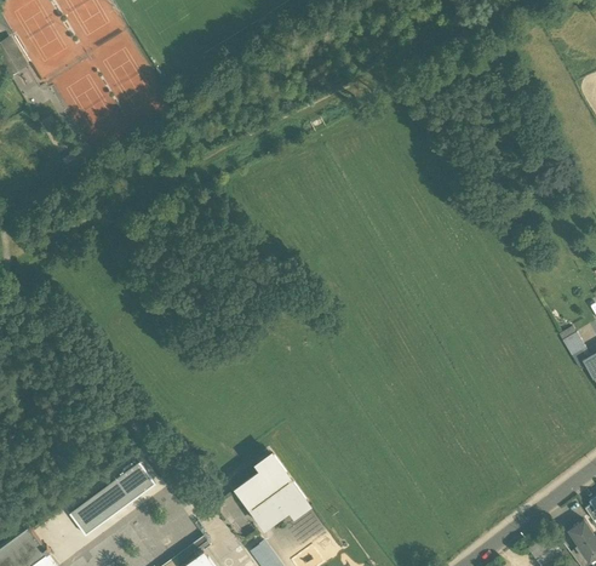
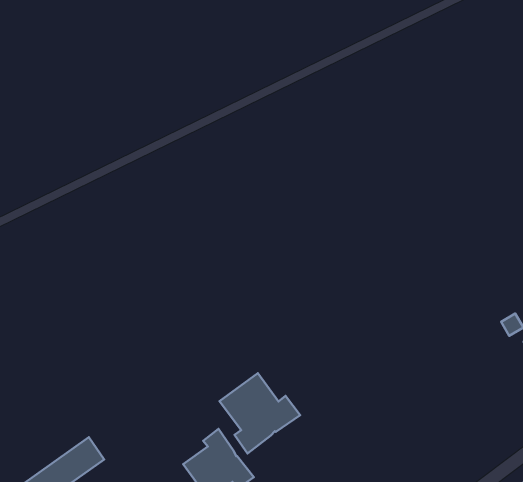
building: none -> [219,373,300,454]

